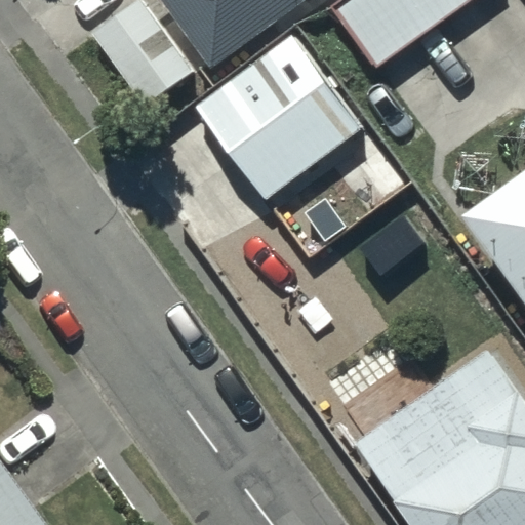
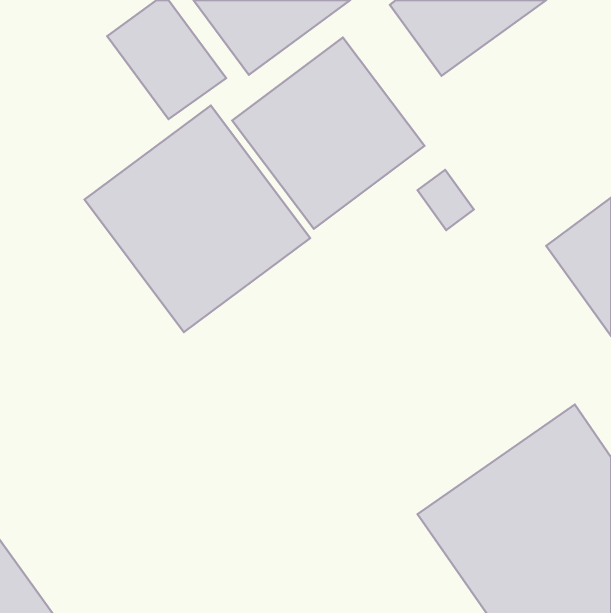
building: none -> [85,105,310,332]

